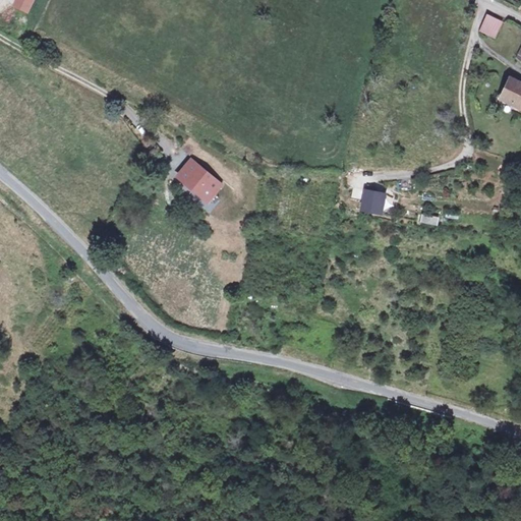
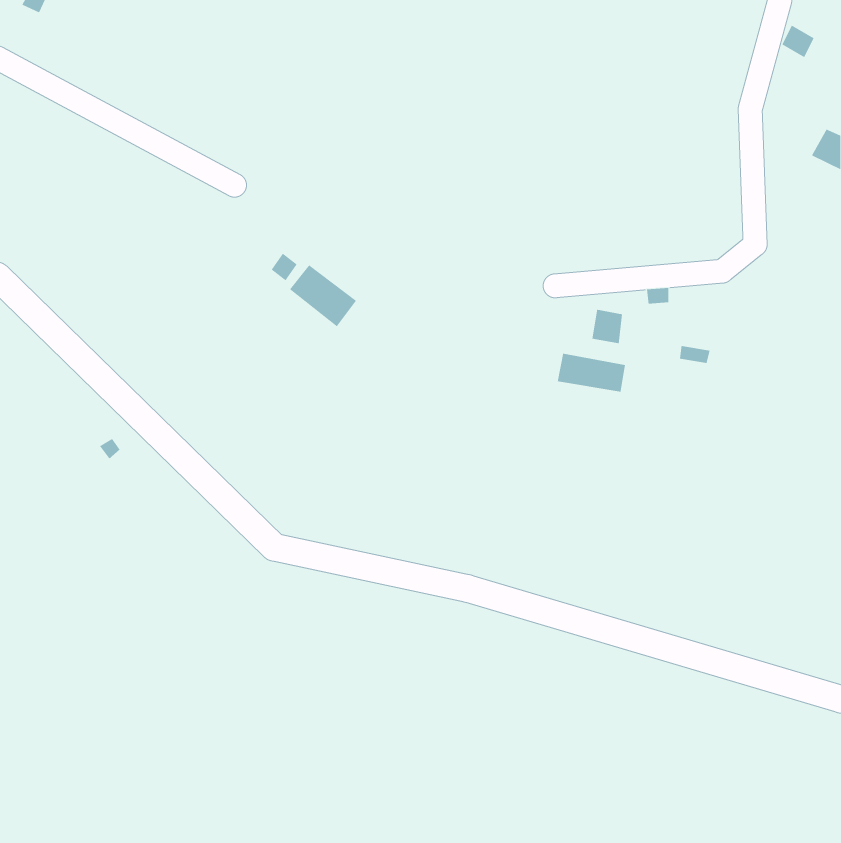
building: none -> [557,353,625,392]

